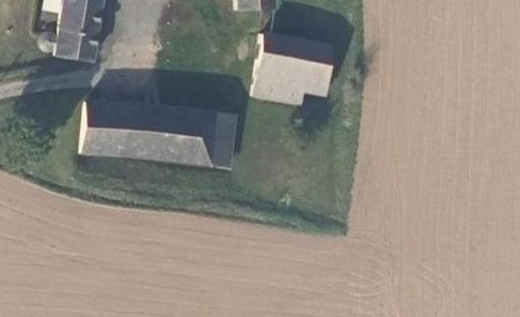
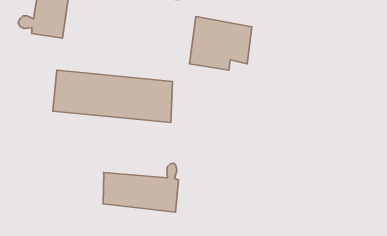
building: none -> [103,163,179,212]

